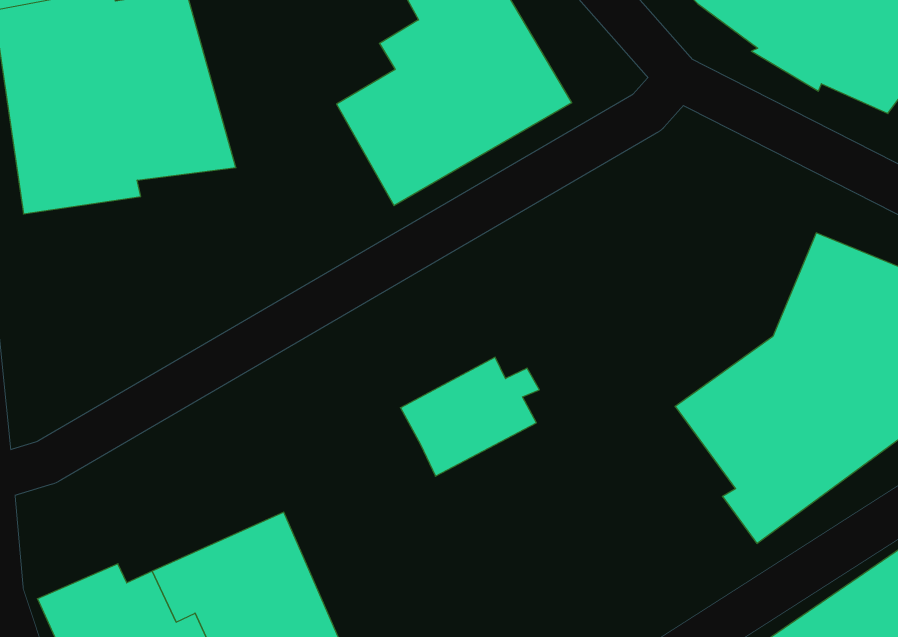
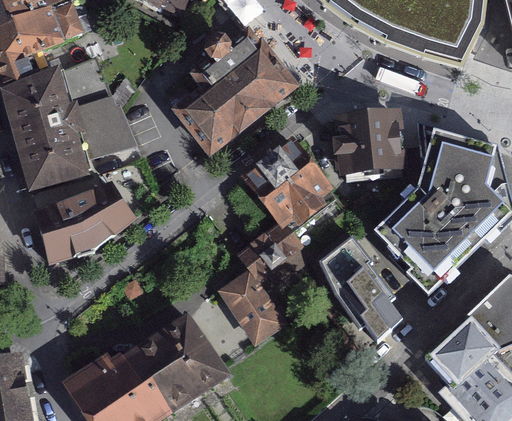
building: none -> [341,113,401,180]
building: none -> [248,144,333,230]
building: none -> [34,173,145,260]
building: none -> [320,236,401,341]
building: none -> [221,270,283,339]

